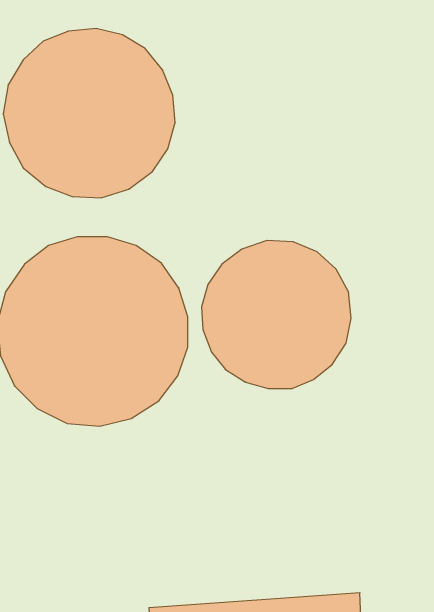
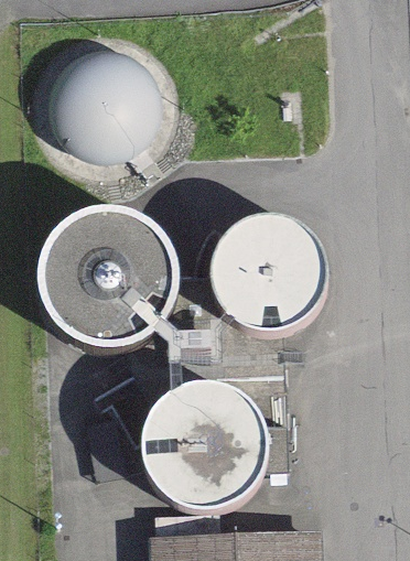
building: none -> [132,385,274,526]

